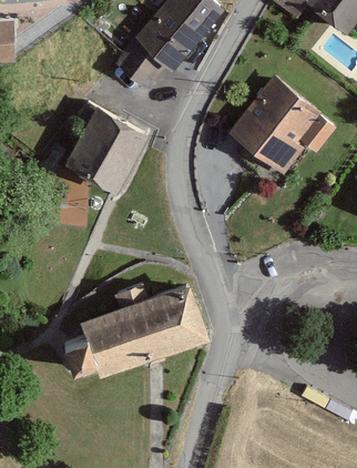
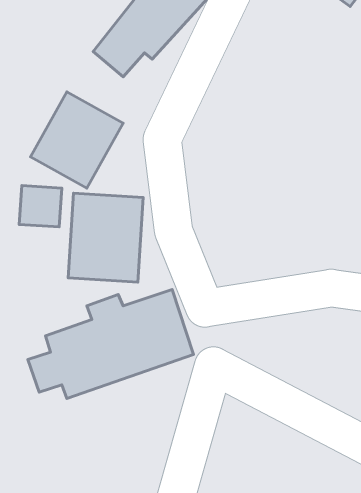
building: [230,75,318,173] -> none
building: none -> [68,193,143,282]

